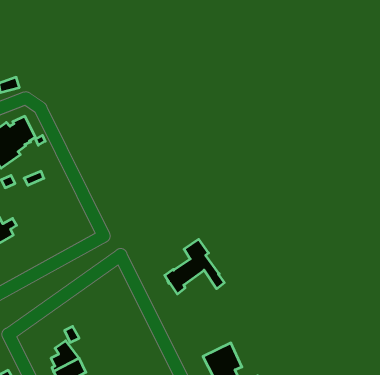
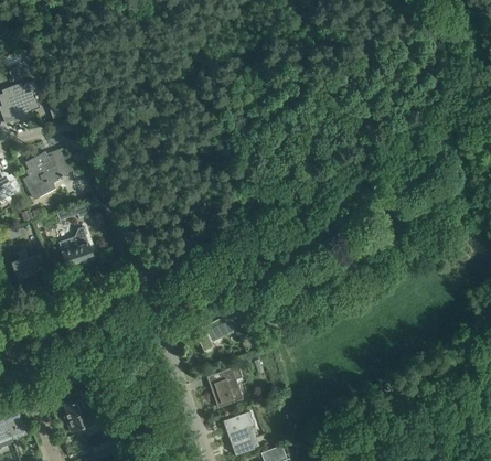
building: none -> [62,227,93,267]
building: none -> [206,366,243,408]

